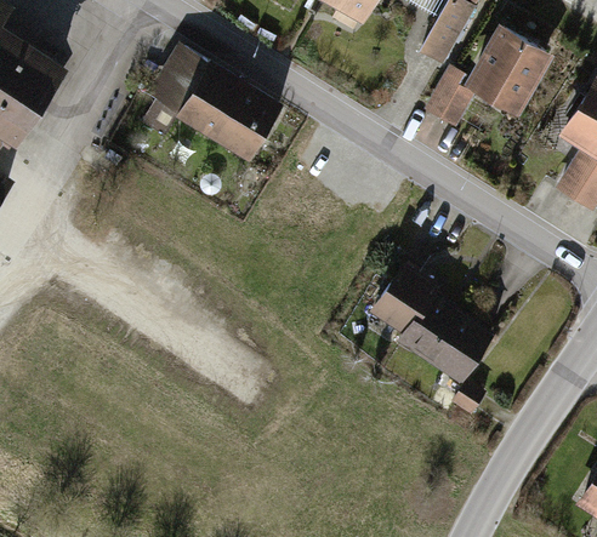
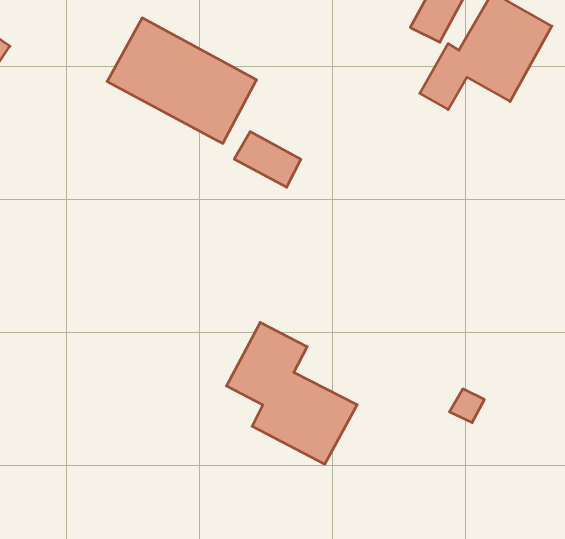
building: none -> [234,132,301,187]
building: [373,255,490,382] -> [226,322,357,464]

